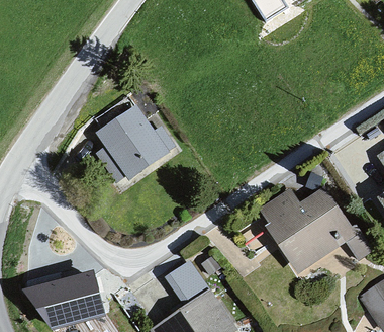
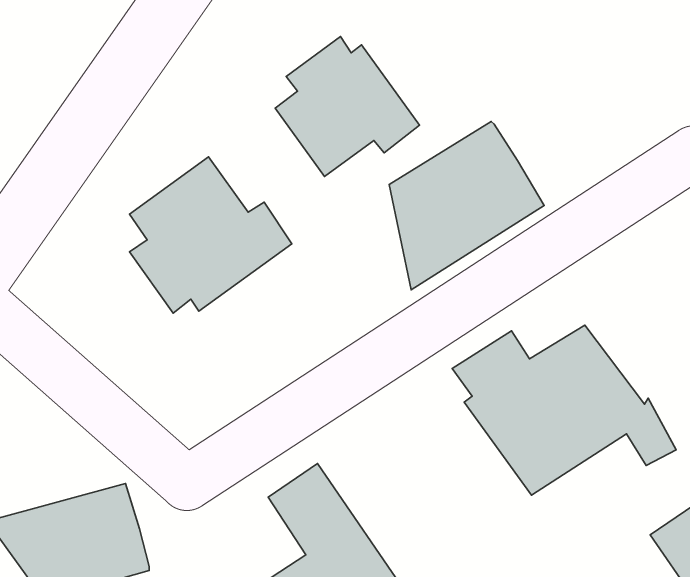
building: none -> [275,37,420,176]
building: none -> [389,121,544,290]

